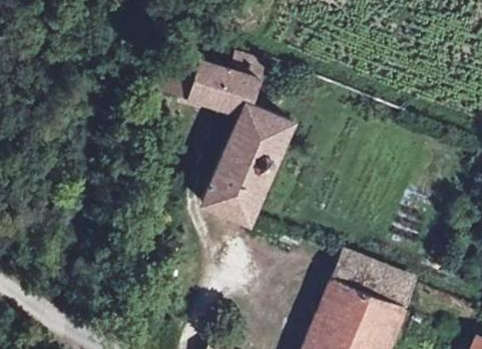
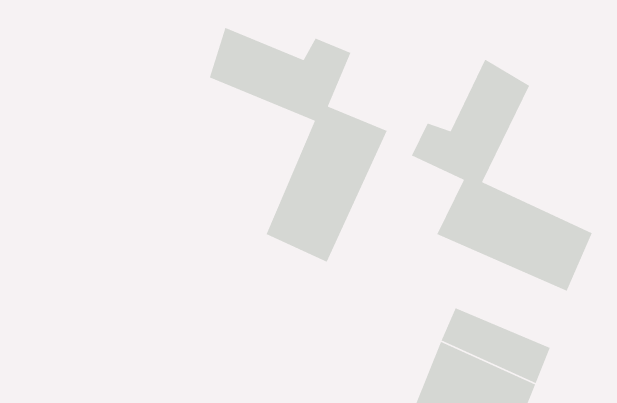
building: none -> [411,59,593,292]

